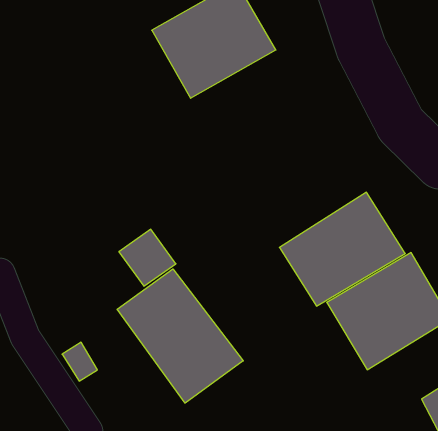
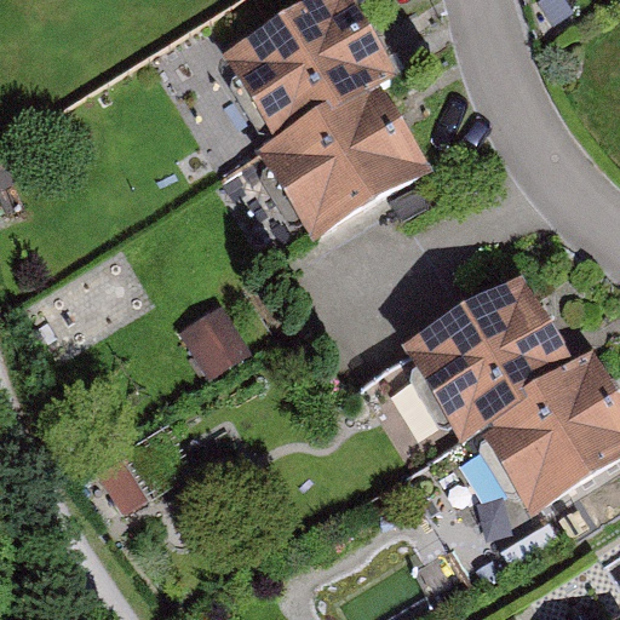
building: none -> [269,76,441,231]
building: [117,269,243,403] -> none

